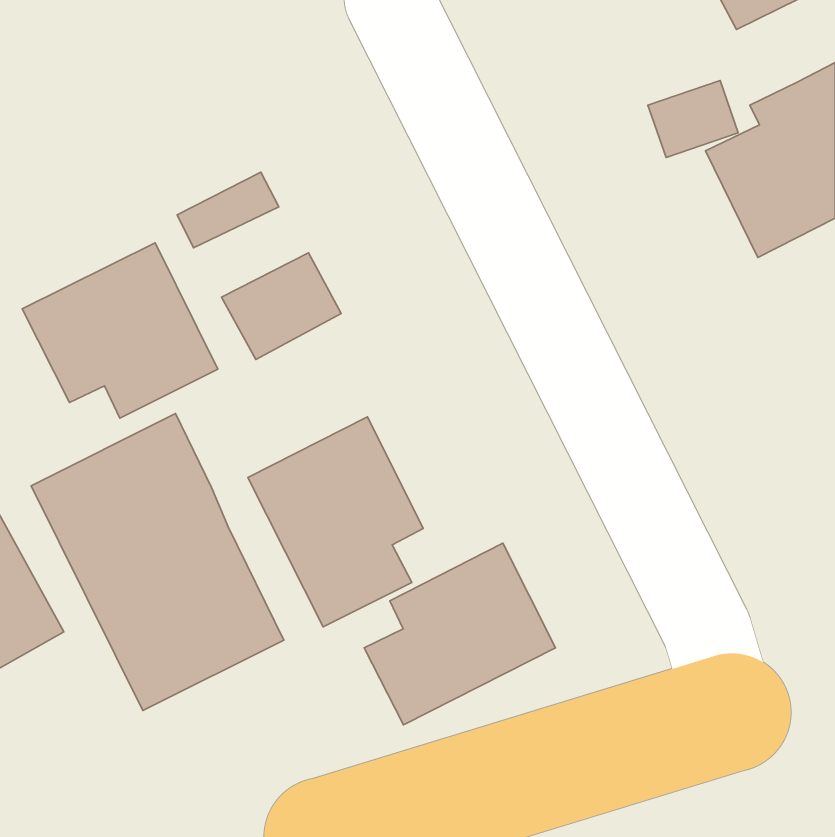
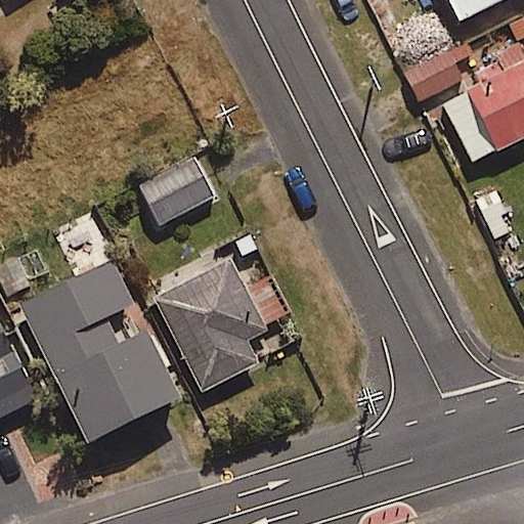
building: [22,243,218,418] -> none
building: [364,543,556,725] -> none

